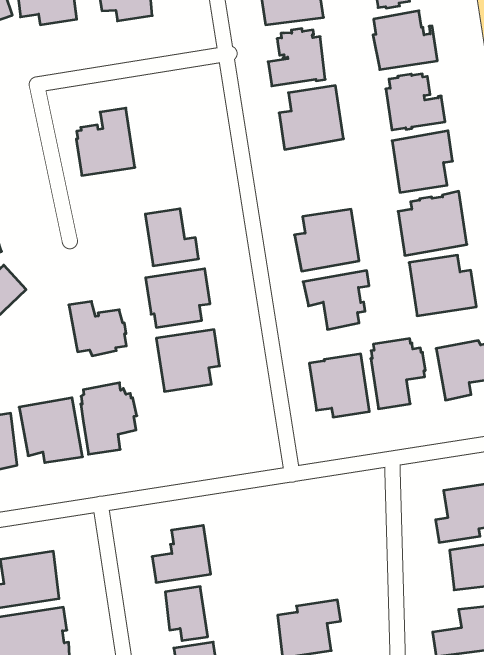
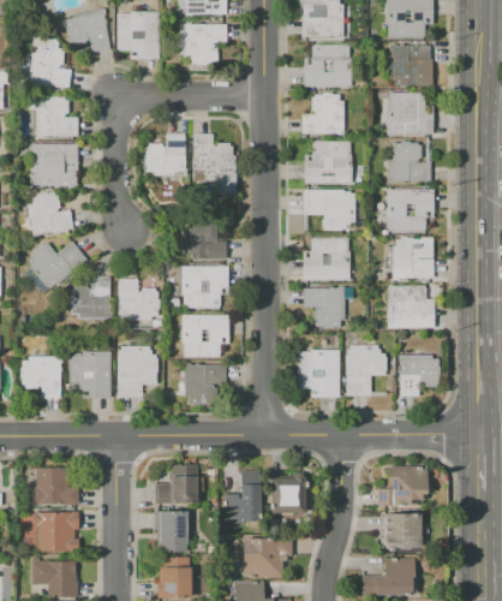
building: none -> [193,133,235,195]
building: none -> [304,190,354,231]
building: none -> [68,278,112,319]
building: none -> [184,365,226,404]
building: none -> [269,475,305,512]
building: none -> [223,470,261,522]

